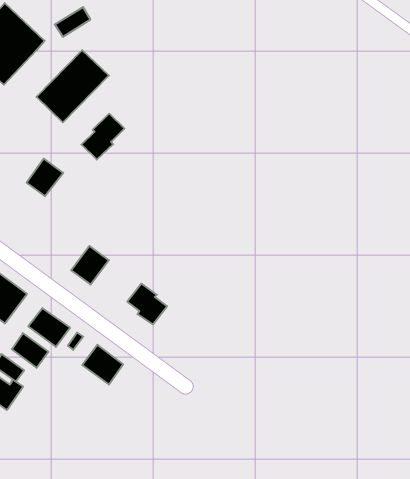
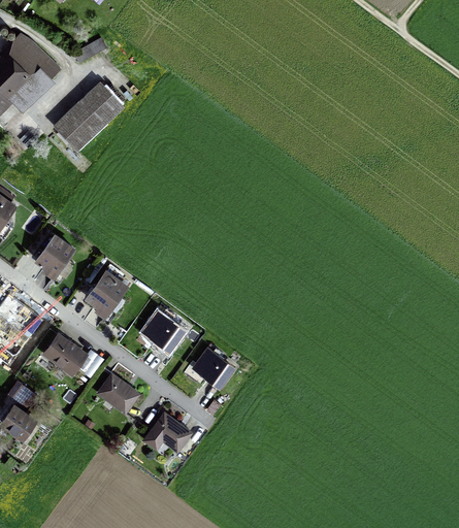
building: [81,114,124,160] -> none
building: [27,159,63,196] -> [36,237,73,275]
building: none -> [192,349,235,391]
building: [12,333,48,368] -> none
building: none -> [144,415,190,456]

